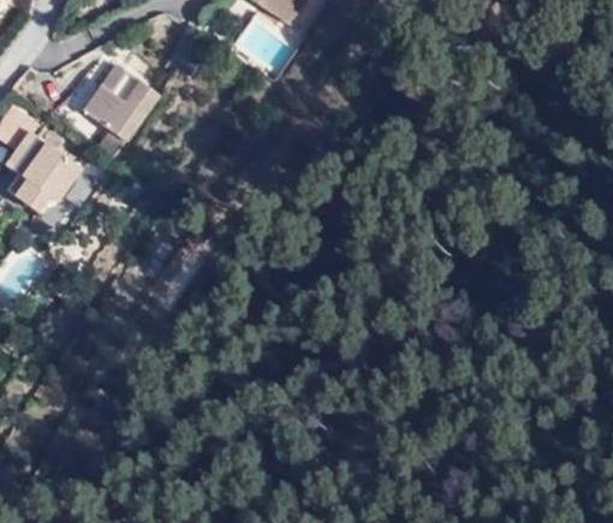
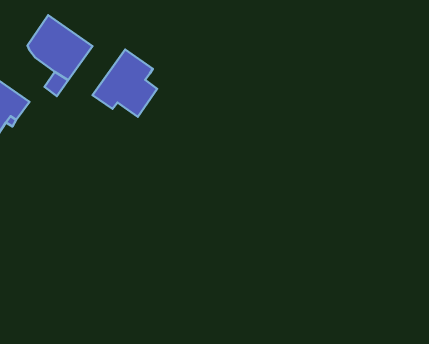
building: none -> [93,50,157,117]

